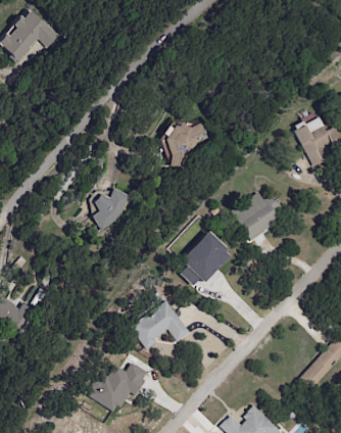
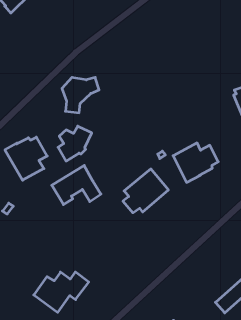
building: [167,123,211,166] -> [62,77,99,113]
building: none -> [5,137,47,180]
building: [131,300,190,349] -> [52,165,101,205]

